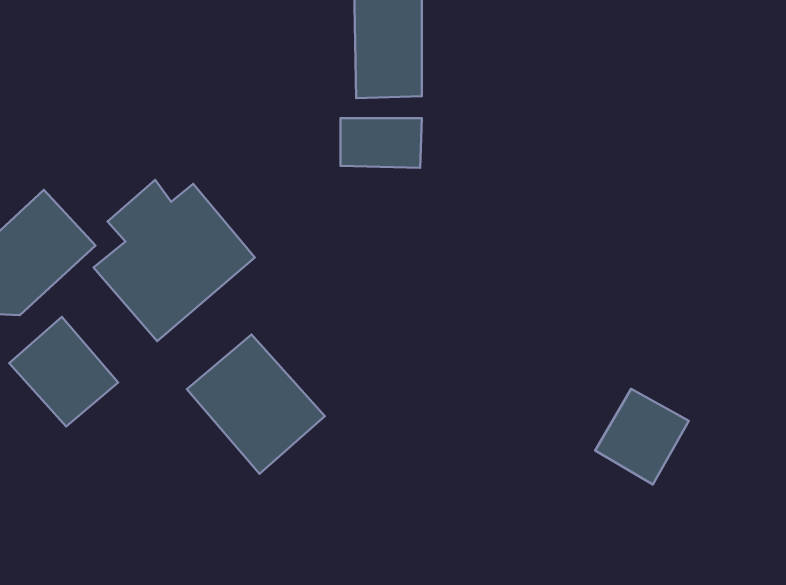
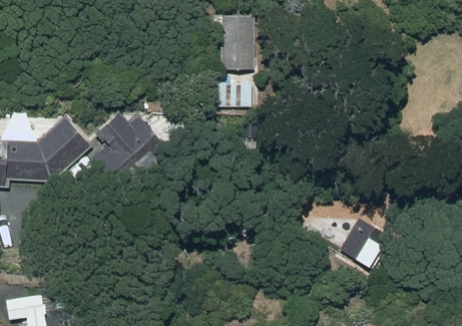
building: [9,317,118,426] -> none
building: [187,335,325,474] -> none

